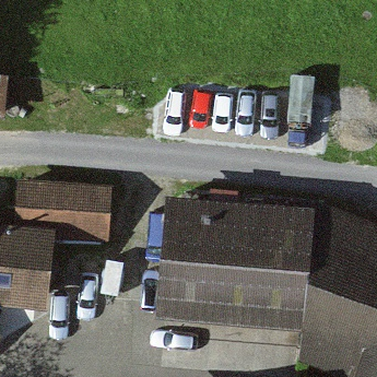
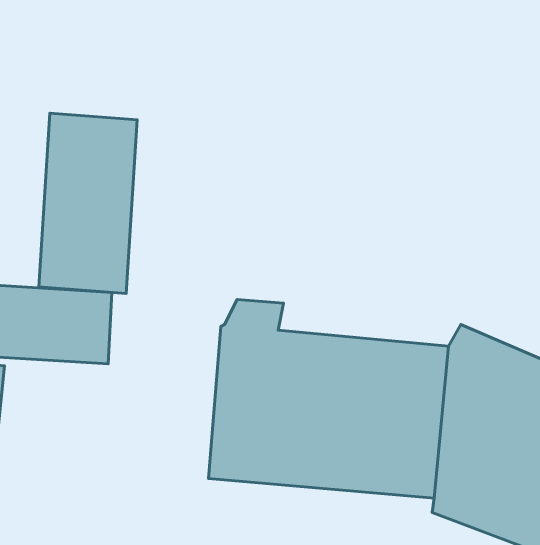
building: none -> [39,113,137,294]

